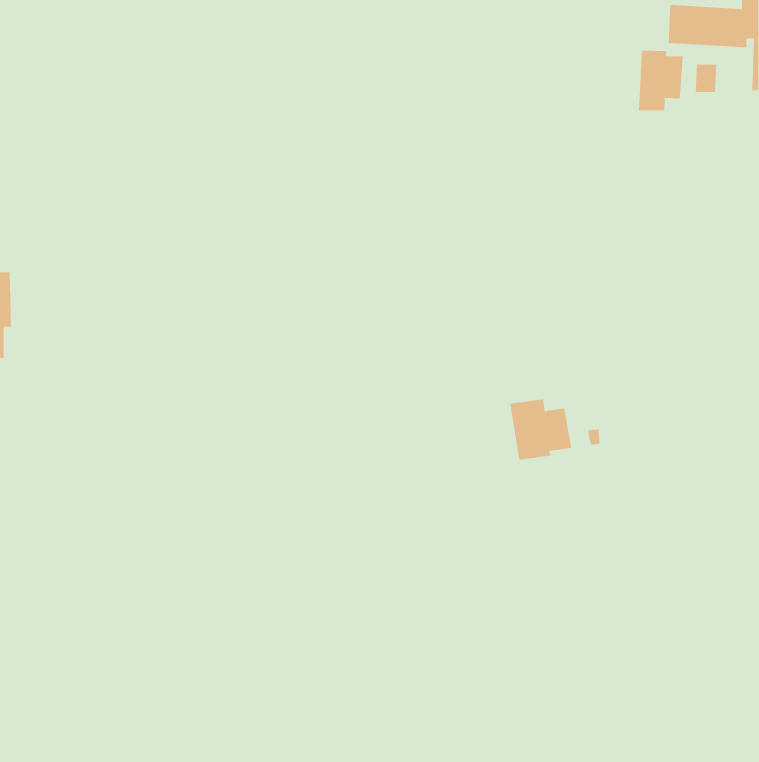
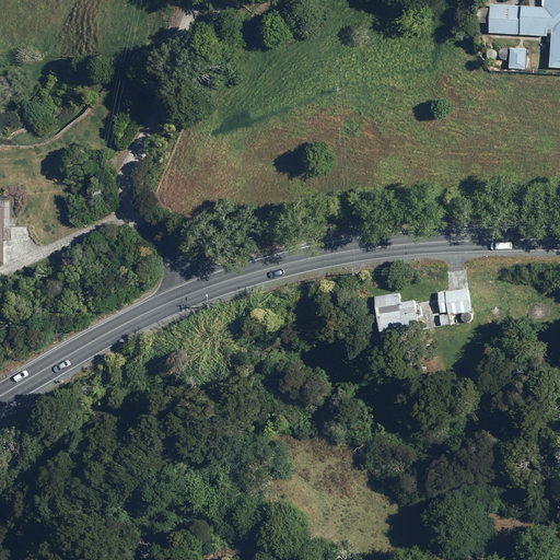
building: [638,50,683,111] -> none
building: none -> [439,288,470,314]

